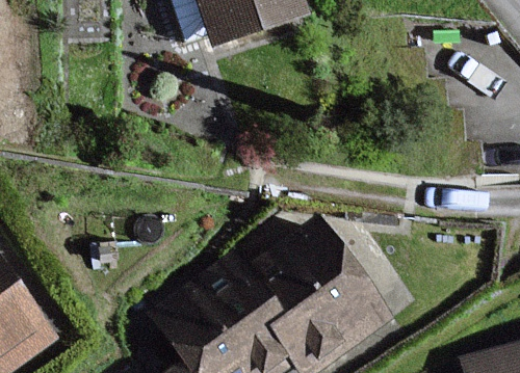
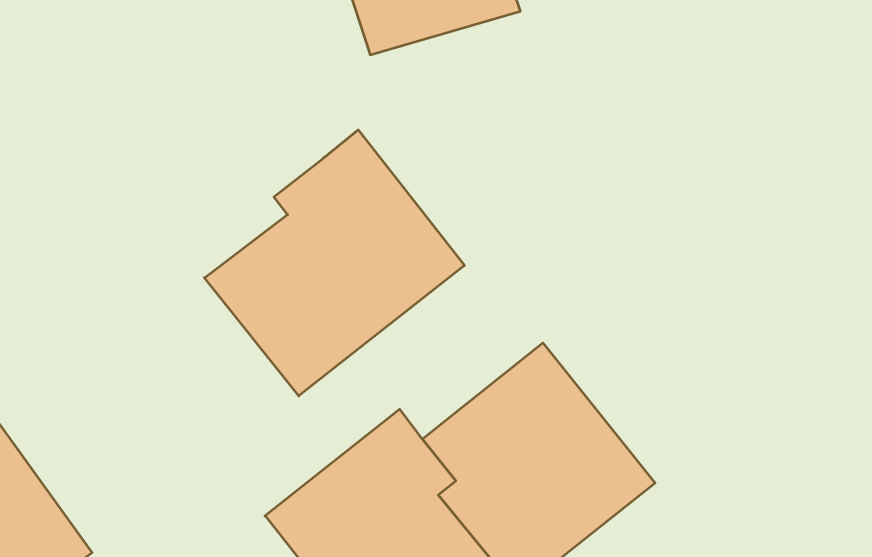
building: none -> [204,130,464,396]

